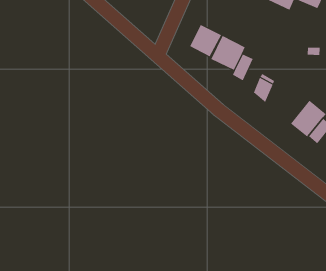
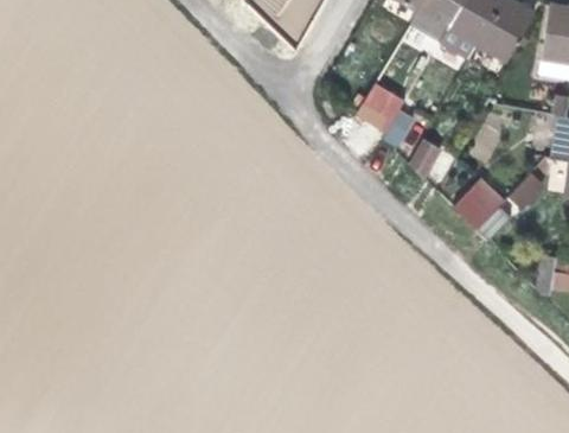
building: [190,24,222,57] -> none

